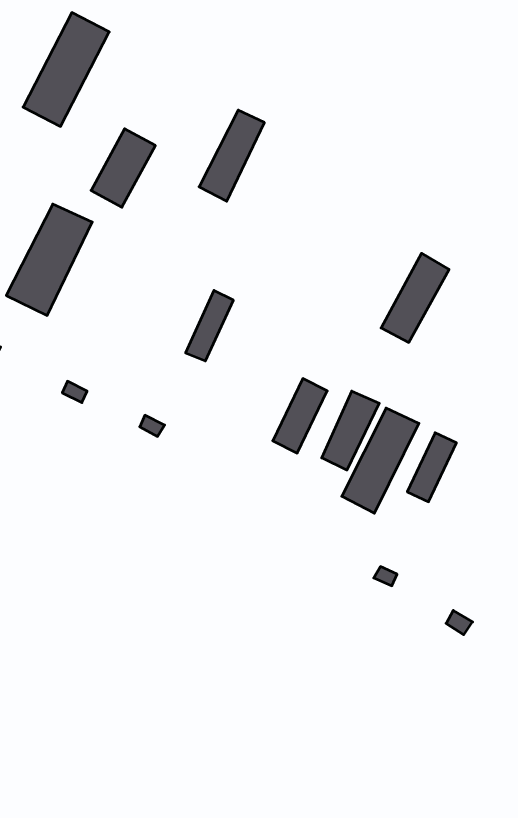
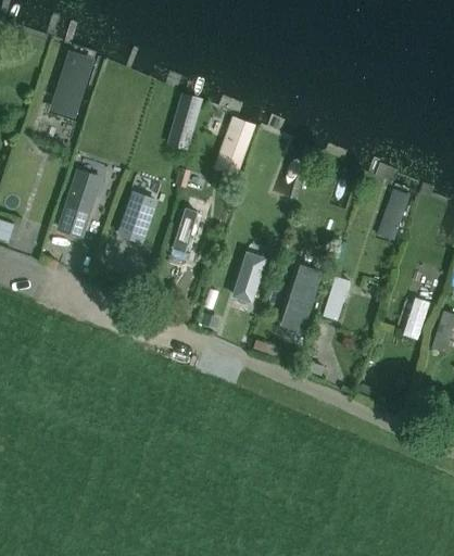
building: [91,129,155,207] -> [119,192,155,241]
building: [381,253,449,342] -> [216,115,253,172]
building: [322,391,379,470] -> none

